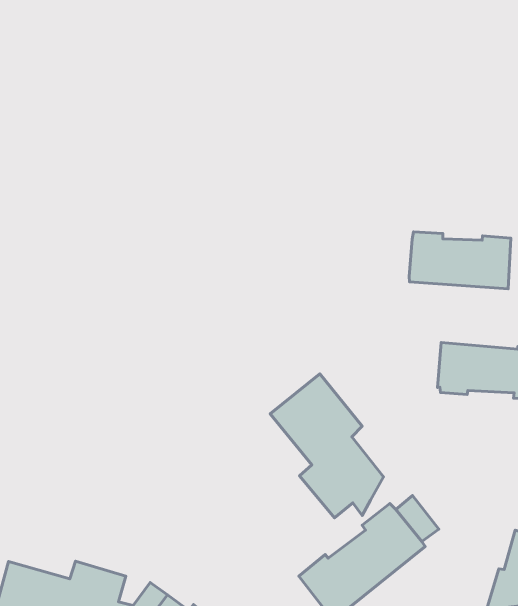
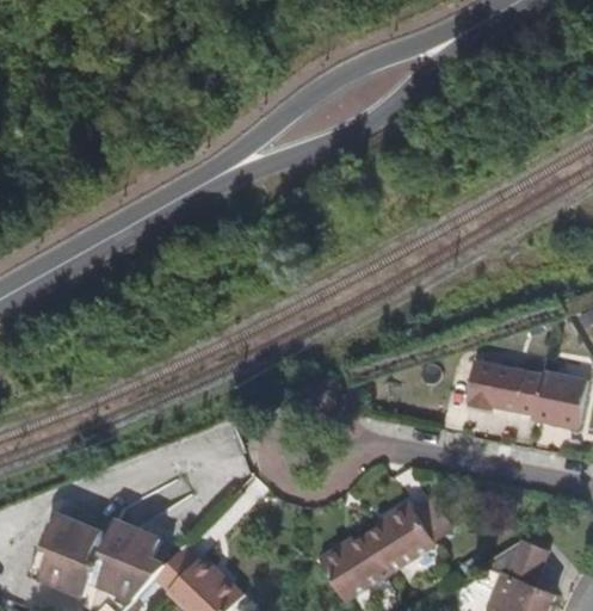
building: [409,232,511,289] -> none
building: [270,374,384,518] -> none

